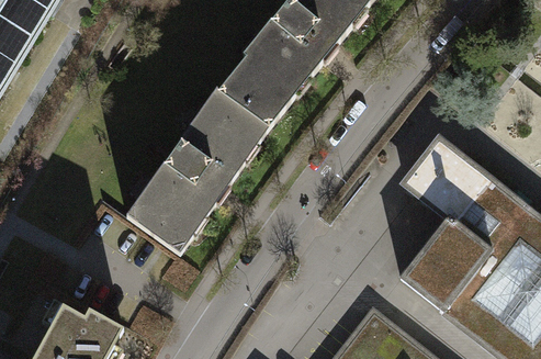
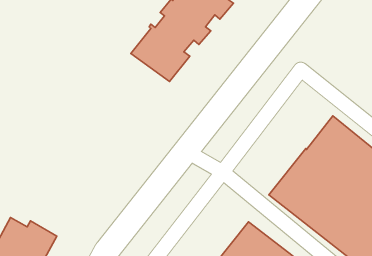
building: [126,91,270,256] -> none
building: [405,141,483,218] -> none

